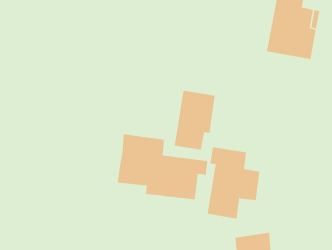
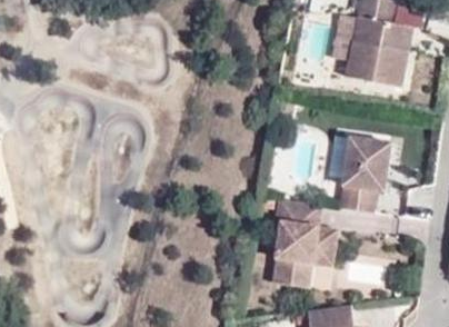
building: [174,90,215,150] -> [338,135,390,210]
building: [117,134,208,200] -> none

